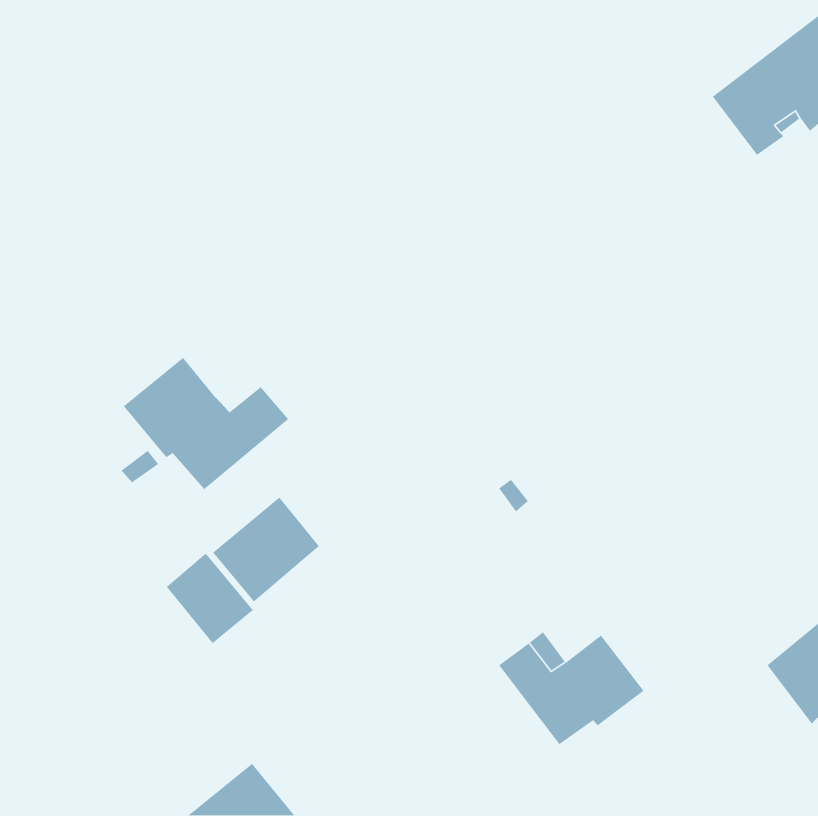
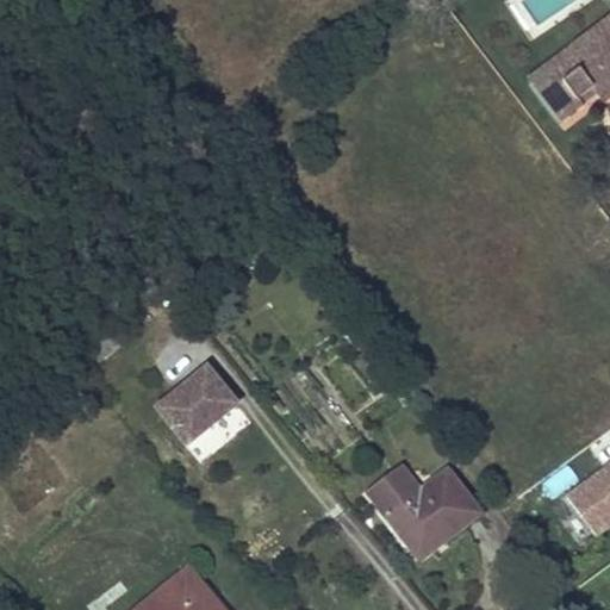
building: [123,357,289,490] -> none
building: [166,552,254,644] -> none

